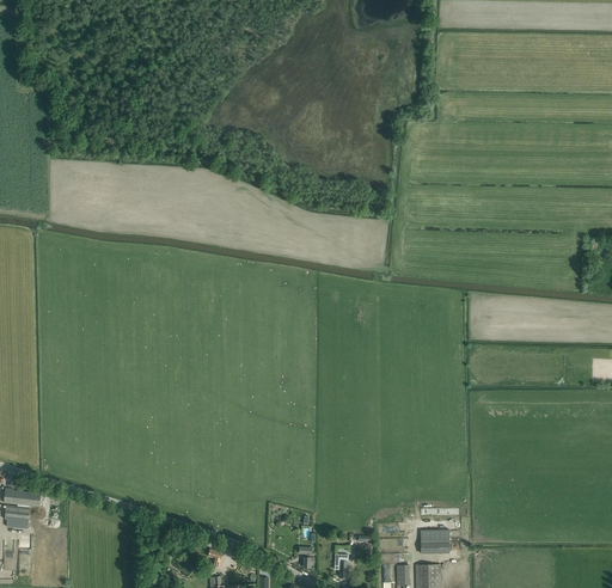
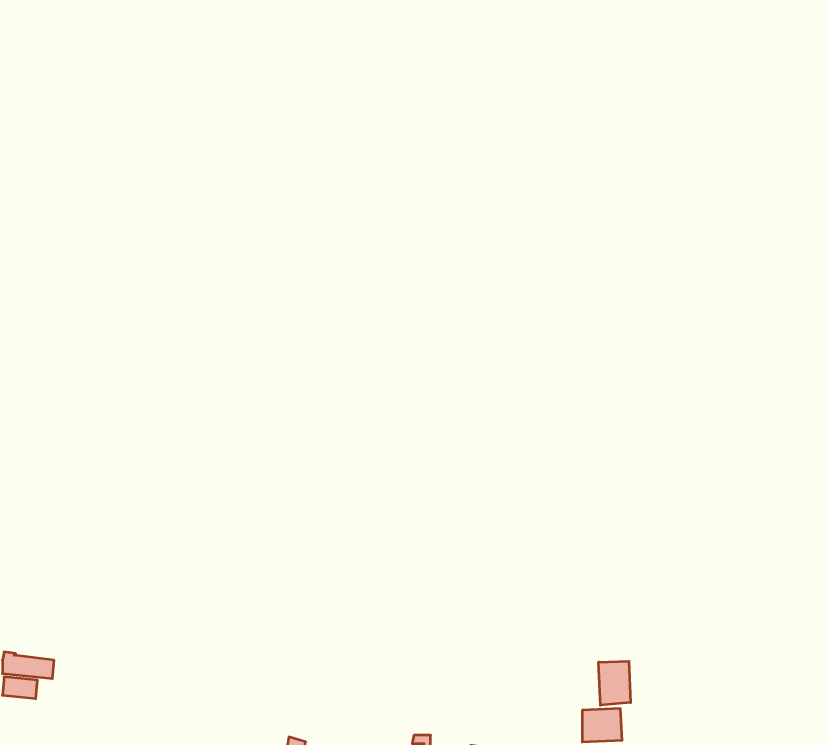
building: none -> [599,661,631,705]

